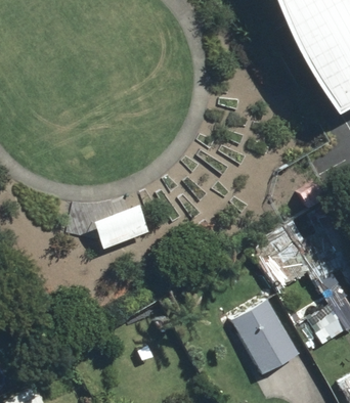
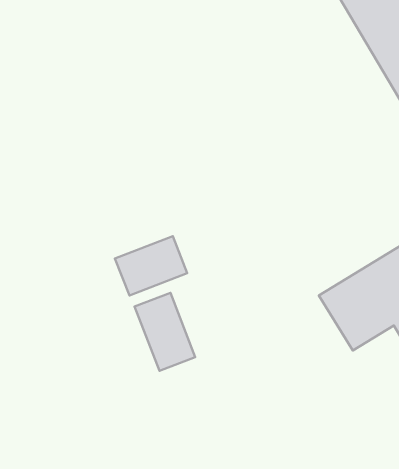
building: none -> [135,293,195,371]
building: [232,295,306,375] -> none

